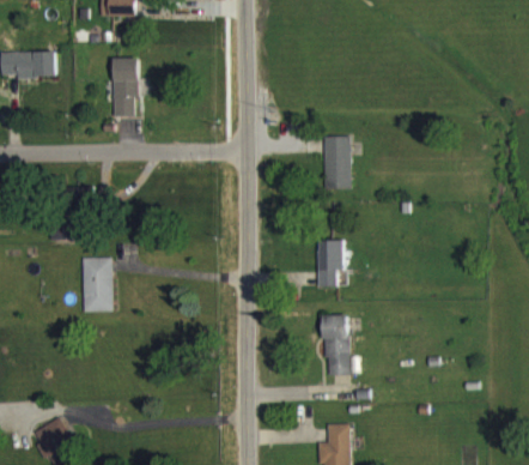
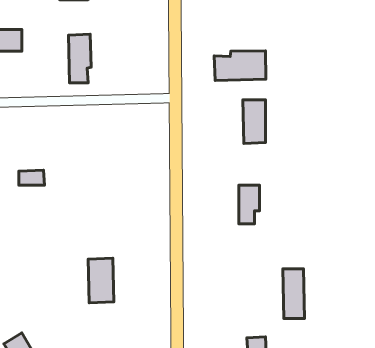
building: none -> [214,51,266,80]
building: [81,258,113,312] -> [88,258,114,303]
building: [323,315,349,375] -> [283,269,305,318]

